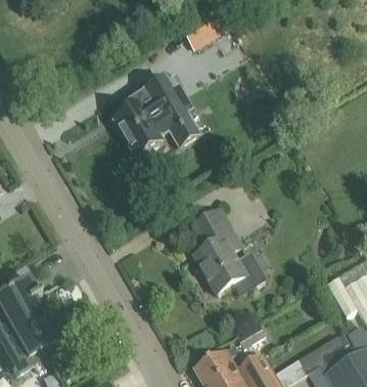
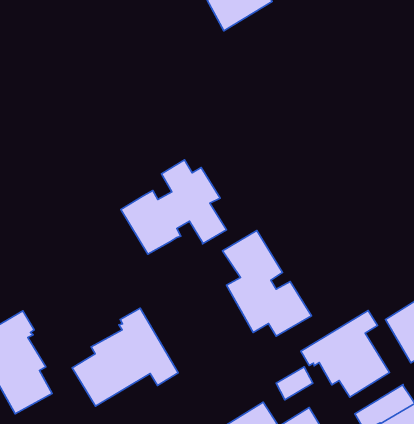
building: [113,81,198,157] -> [121,160,227,254]
building: none -> [72,308,178,406]
building: none -> [301,311,389,397]

